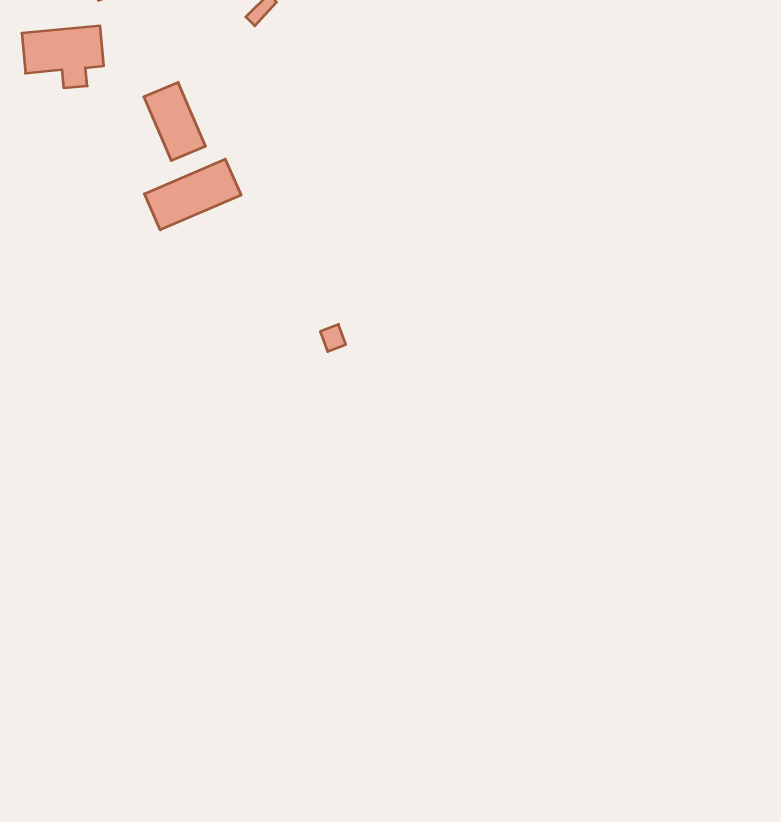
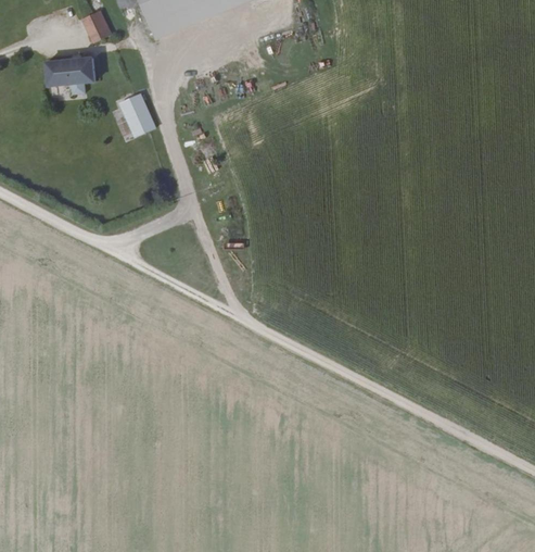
building: [144,159,241,230] -> none

